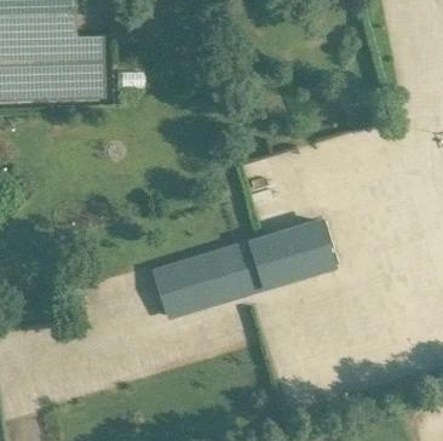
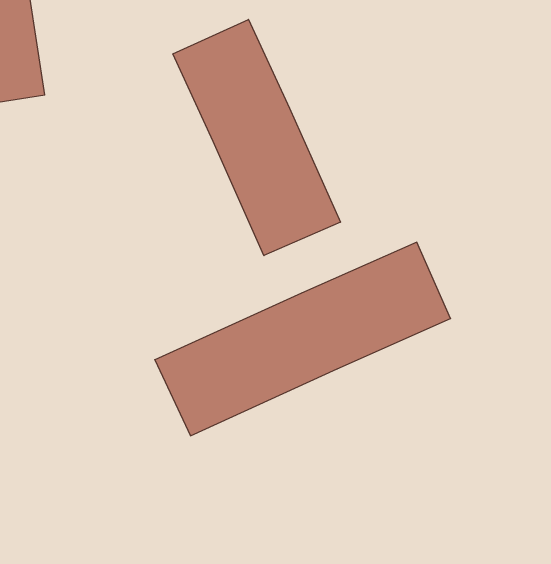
building: none -> [173,19,340,256]

